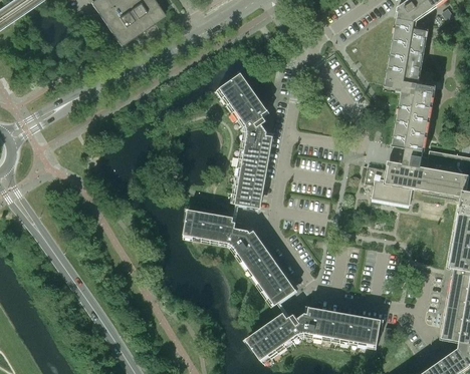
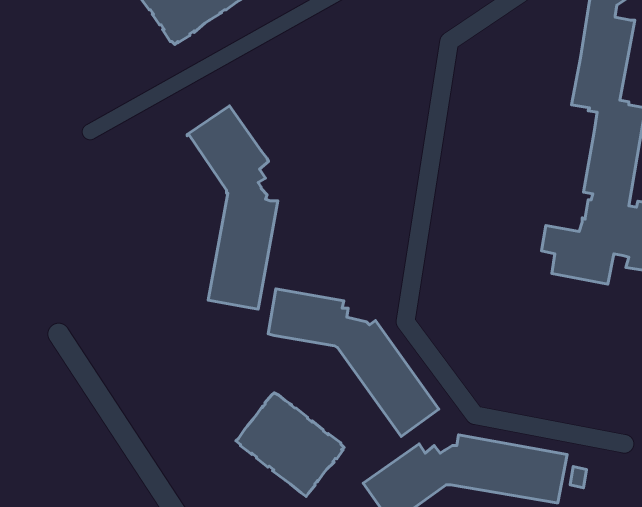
building: [214,71,274,207] -> [187,106,278,309]
building: none -> [236,393,344,496]

